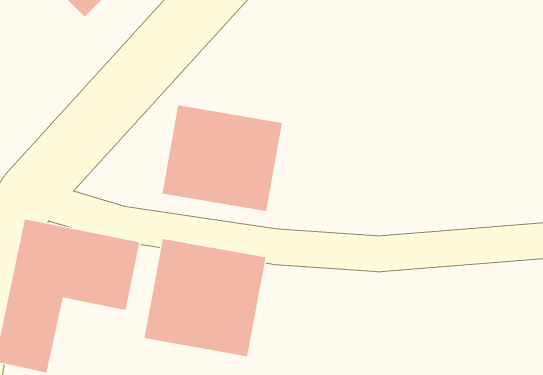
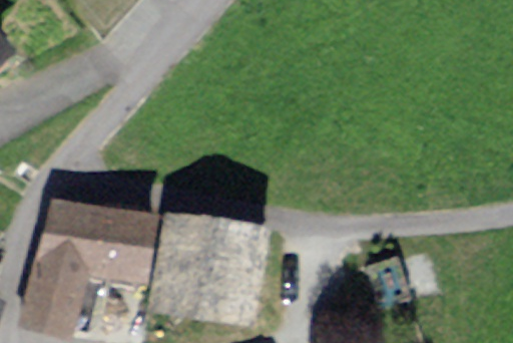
building: [162,104,282,212] -> none

